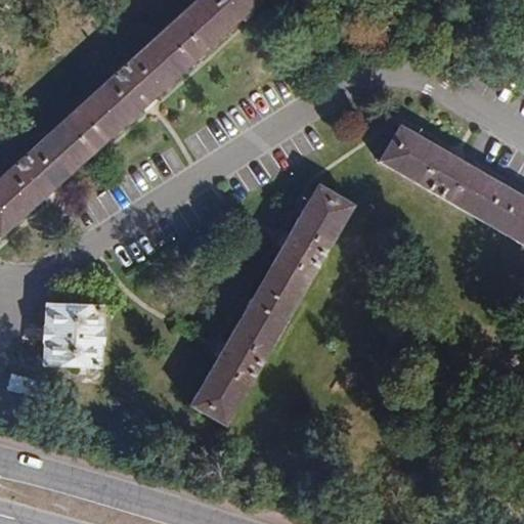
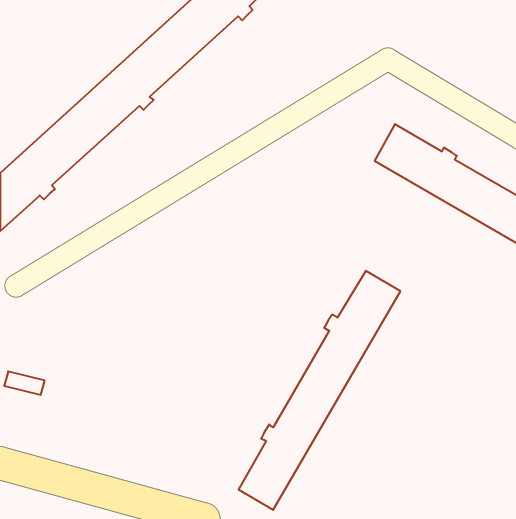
building: [191,185,354,426] -> [239,271,400,510]
building: [45,306,103,363] -> none

